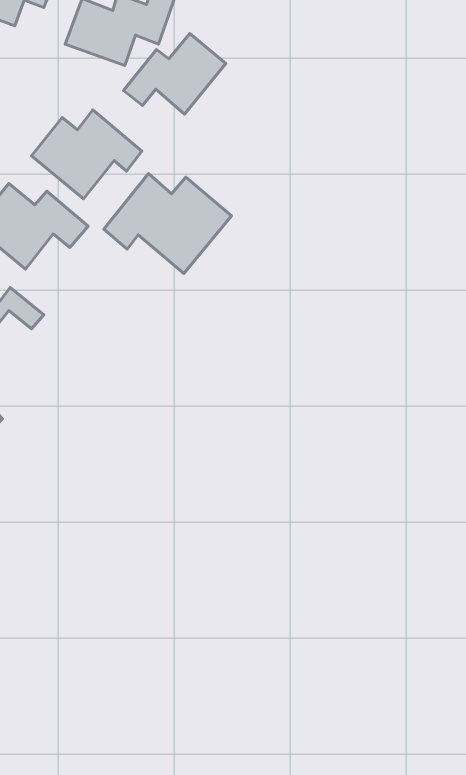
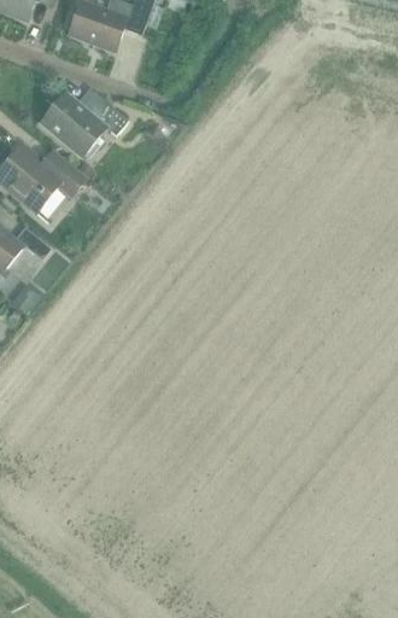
building: [124,34,226,114] -> none
building: [104,174,231,274] -> none

